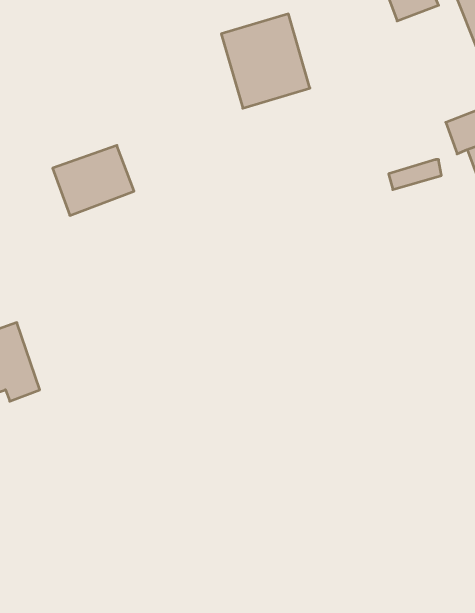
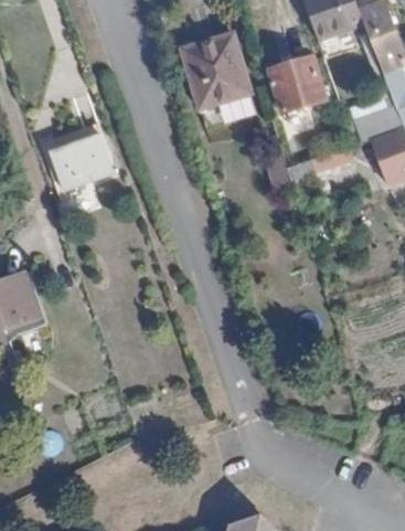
building: none -> [269,55,327,113]

